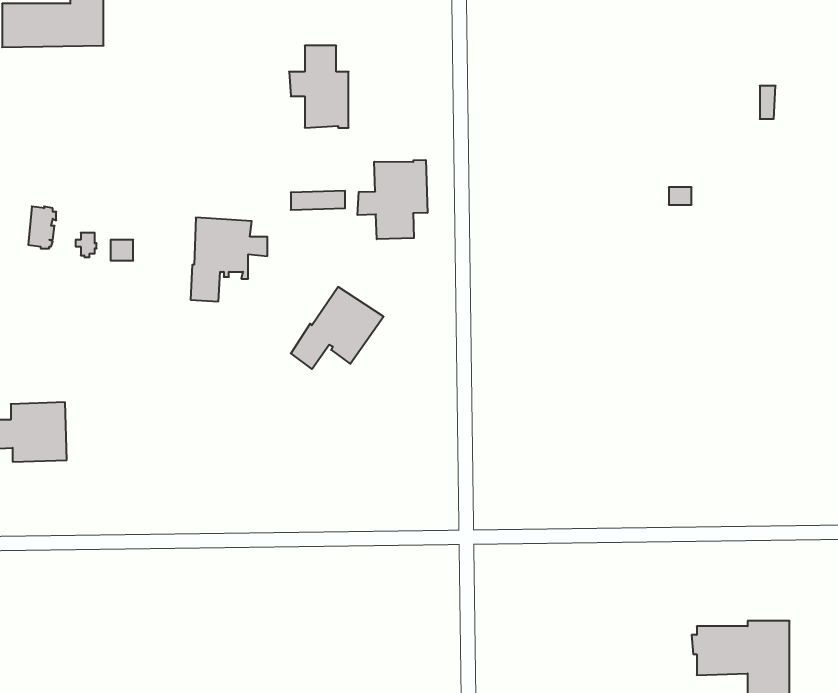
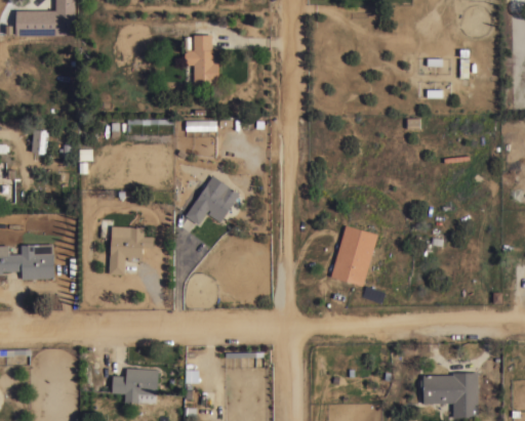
building: [357,160,427,239] -> none
building: [191,218,267,301] -> [108,225,153,275]
building: none -> [330,225,377,286]
building: none -> [111,368,158,404]

